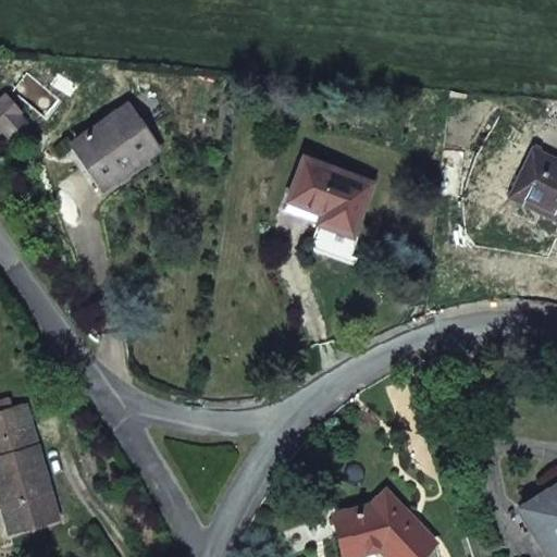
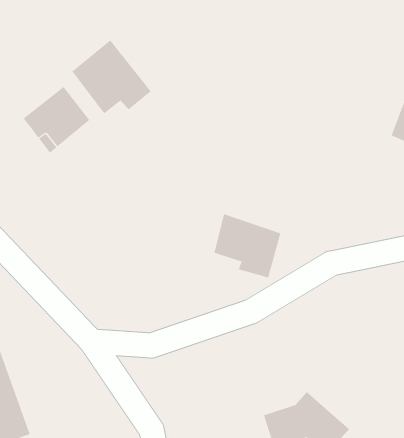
building: none -> [71,40,151,114]
building: [289,156,371,236] -> [214,214,281,278]

